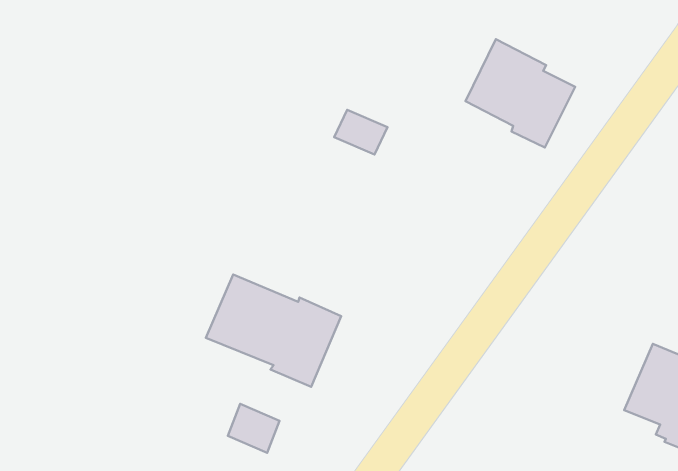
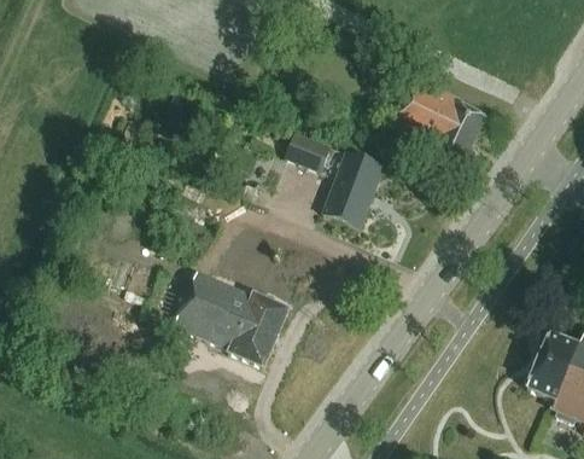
building: none -> [322,150,384,226]
building: [228,404,280,453] -> none

